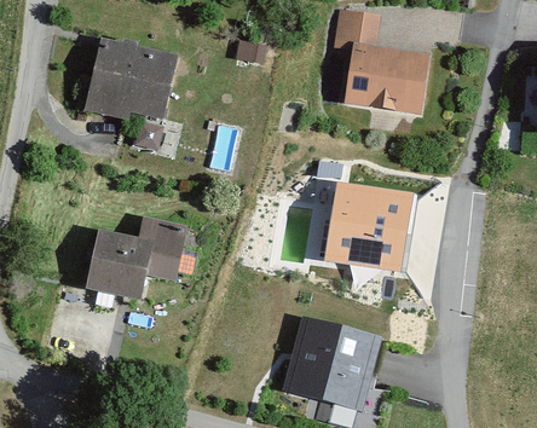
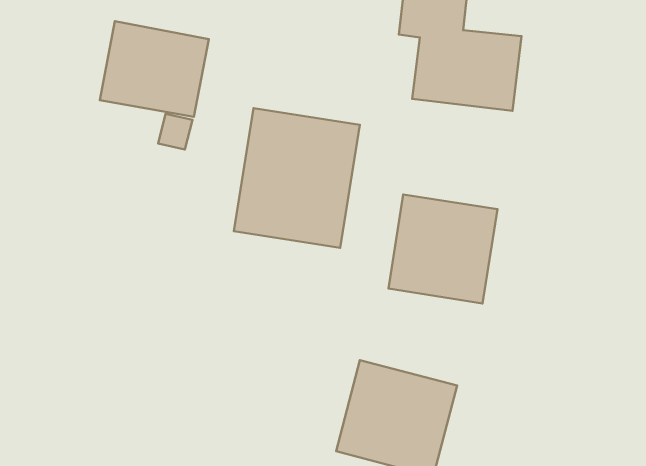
building: none -> [234,108,360,248]
building: [80,218,187,302] -> none

